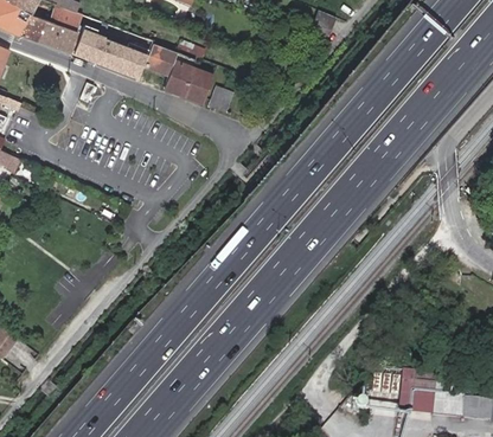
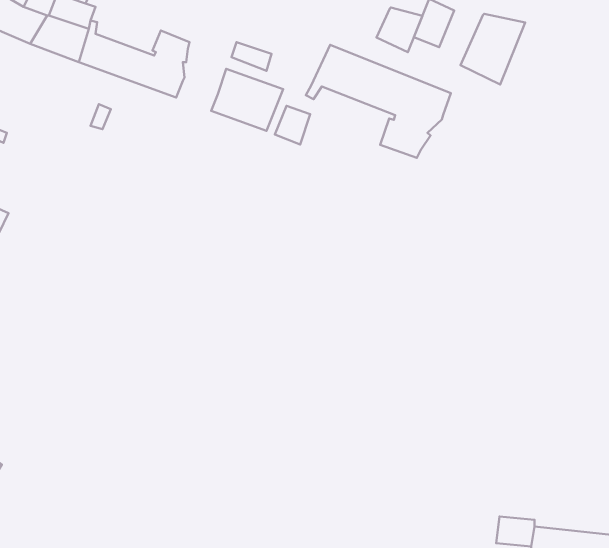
building: none -> [376,8,422,52]
building: none -> [460,14,525,85]
building: none -> [306,45,451,158]
building: [143,45,175,76] -> none

